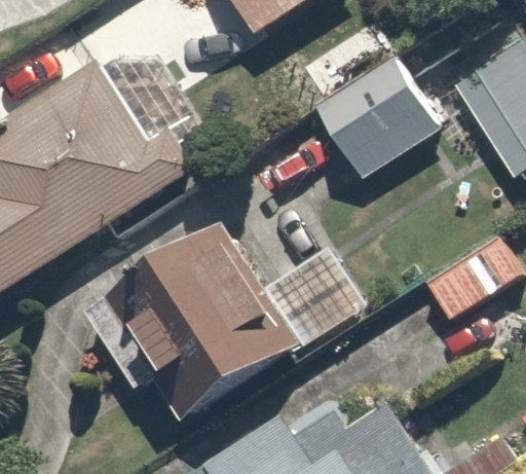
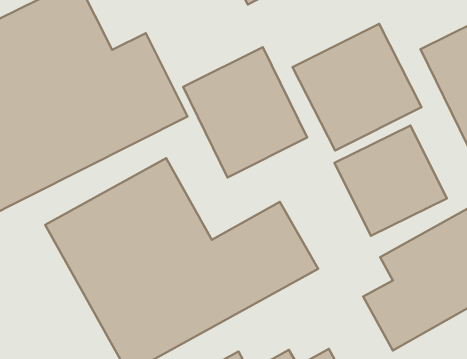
building: none -> [183,47,307,177]
building: none -> [334,126,447,236]

